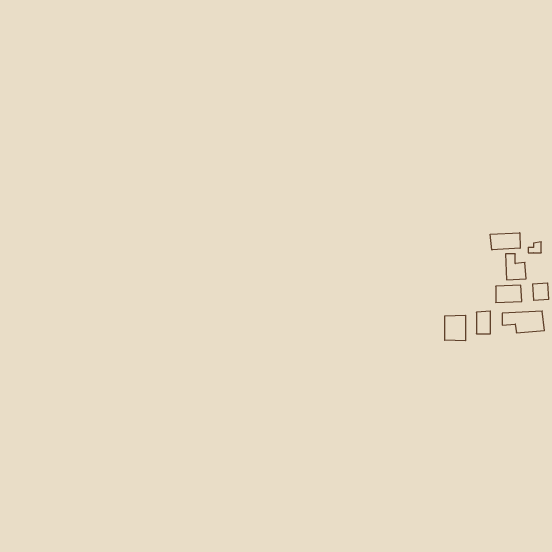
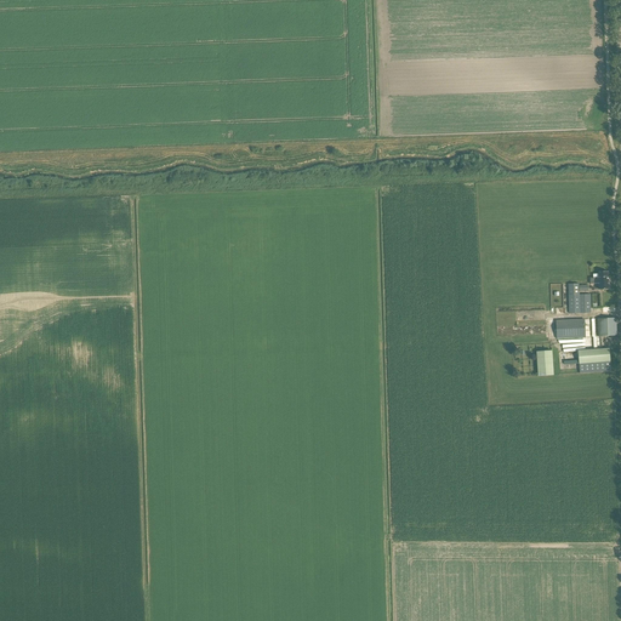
building: [490,233,520,250] -> none
building: [445,315,466,341] -> none

